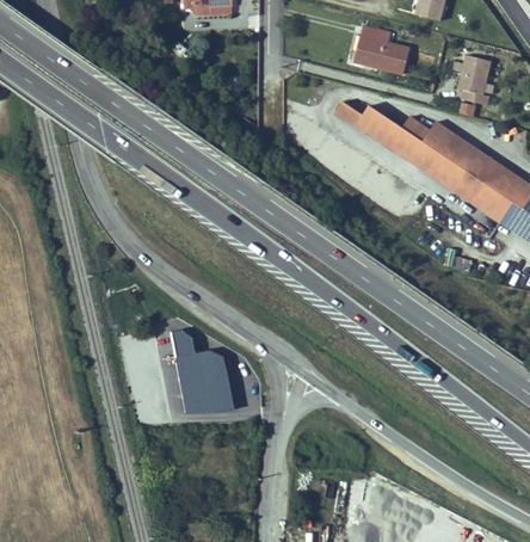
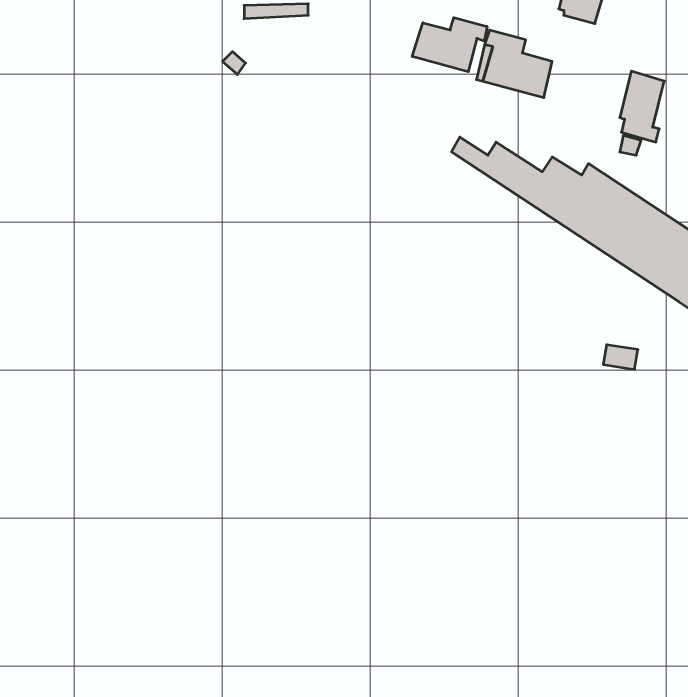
building: none -> [412,18,487,72]
building: [168,329,233,414] -> none

